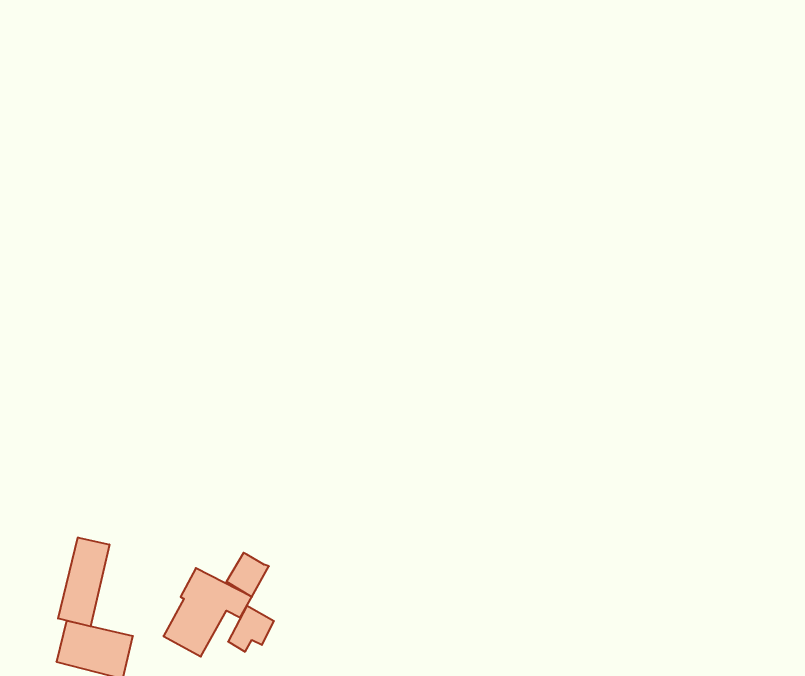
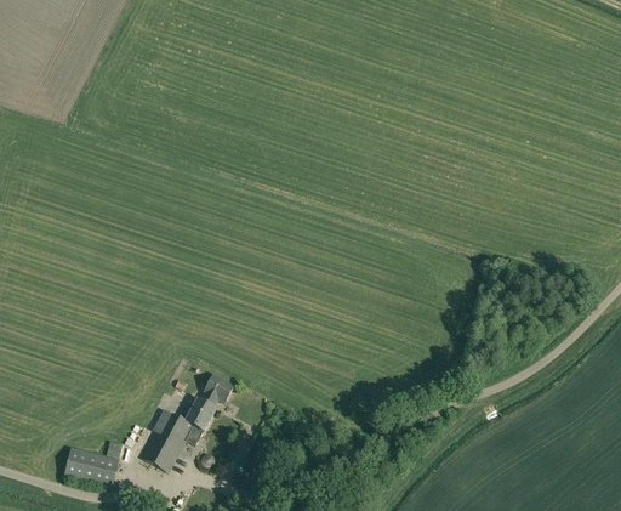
building: [58,537,109,626] -> none
building: [228,606,274,652] -> [200,373,233,405]

